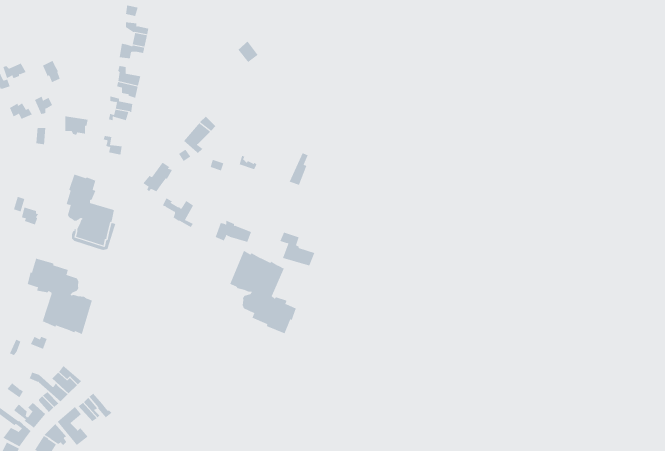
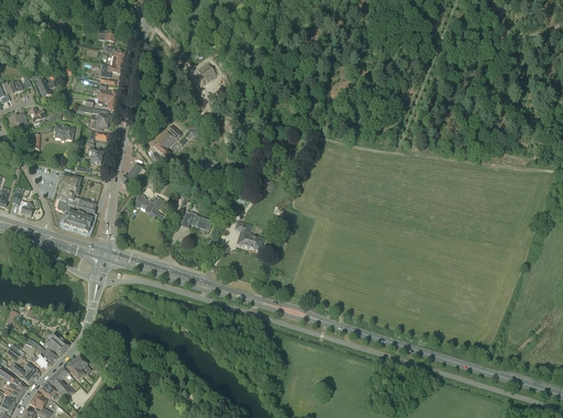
building: [229,250,296,334] -> none
building: [27,258,92,335] -> none

